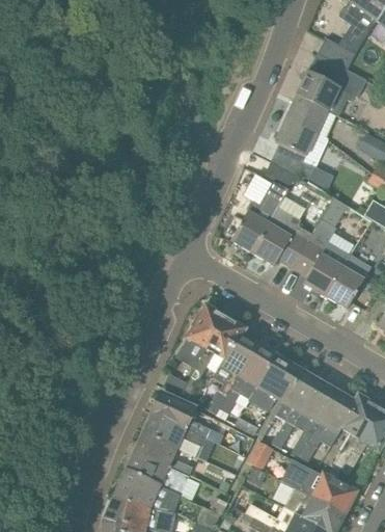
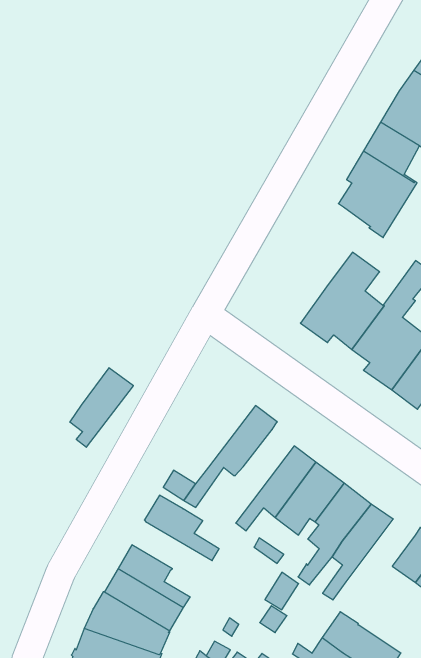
building: [230,160,297,252] -> none
building: [181,307,225,368] -> [70,368,133,447]
building: [208,335,257,414] -> none
building: [299,392,355,462] -> none
building: [144,414,213,460] -> none

